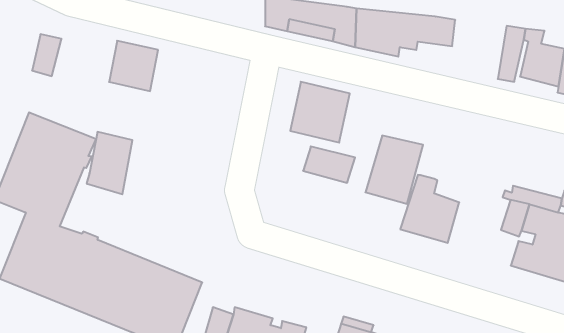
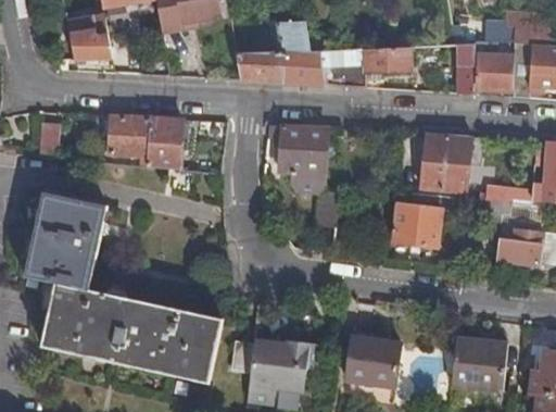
building: [87,132,132,194] -> [147,117,181,170]
building: [365,136,423,204] -> [421,135,466,192]

